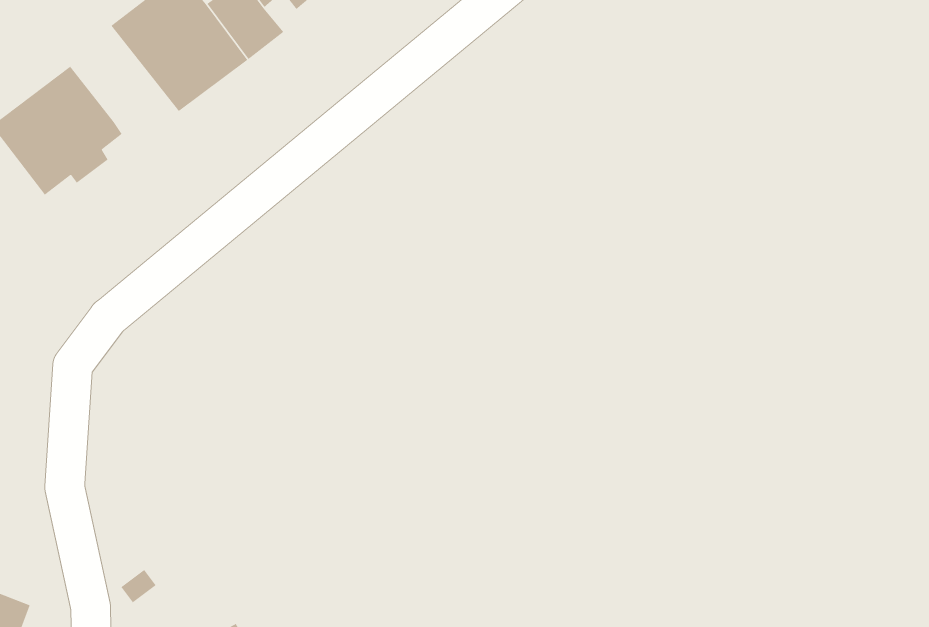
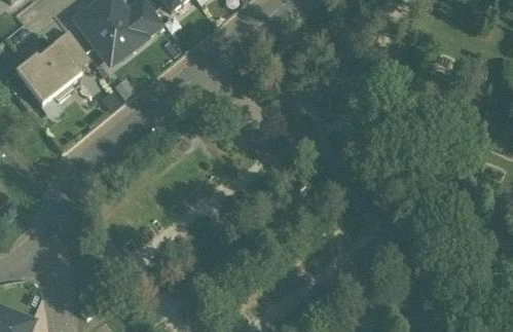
building: none -> [54,32,90,71]

